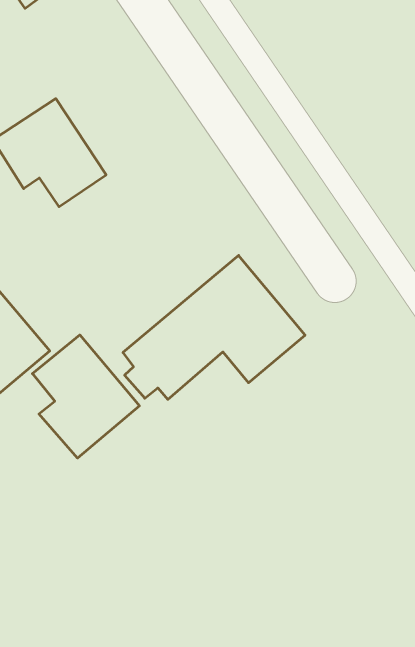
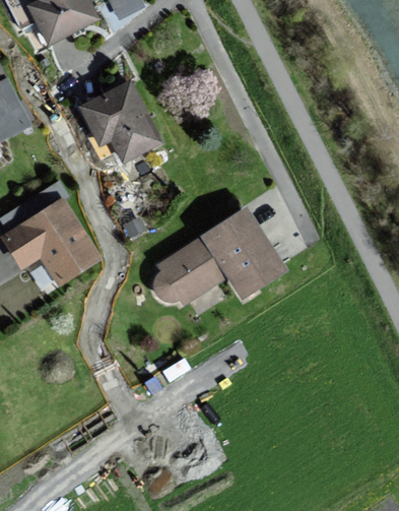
building: [32,335,139,458] -> none

